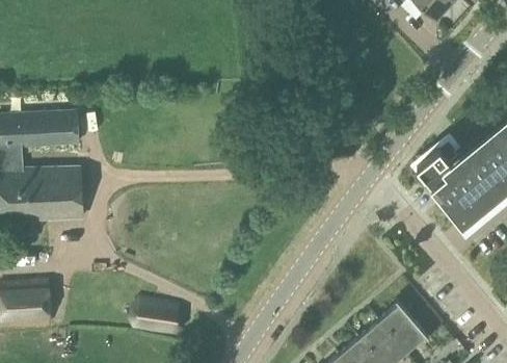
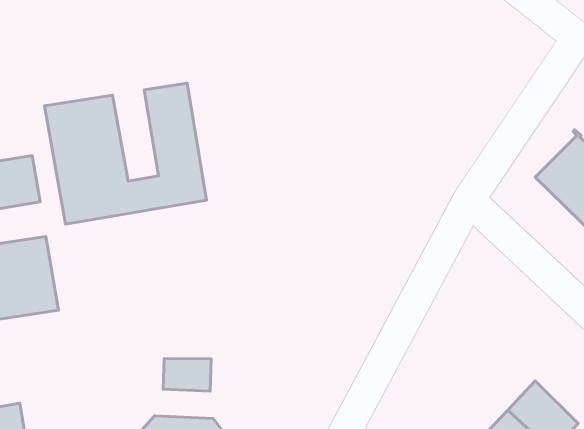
building: none -> [44,83,207,224]
building: none -> [163,358,211,391]

